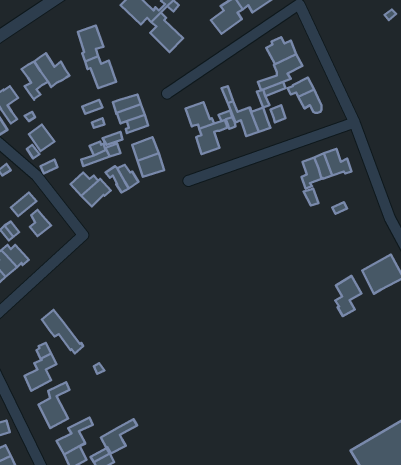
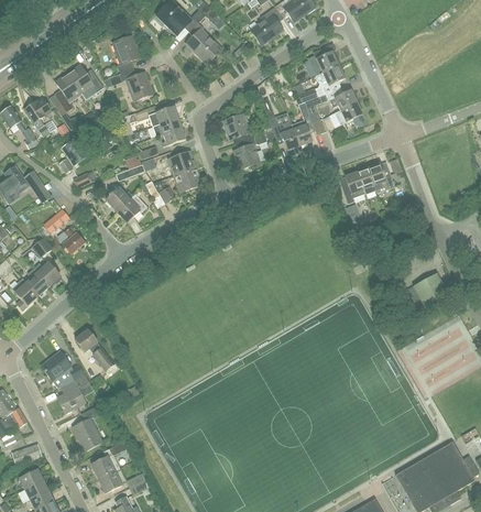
building: [335,276,361,316] -> none
building: none -> [41,350,70,380]
building: [101,419,137,454] -> none

